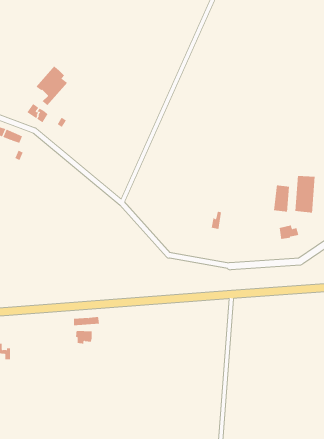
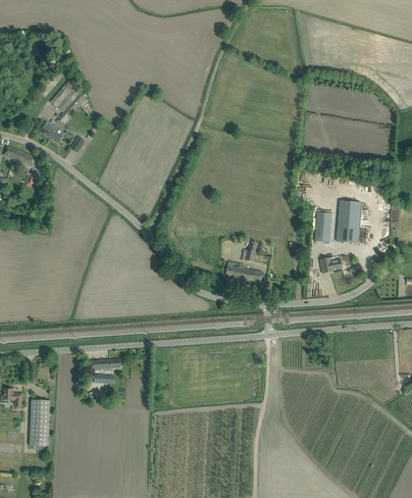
building: none -> [224,261,262,283]
building: none -> [29,400,49,447]

